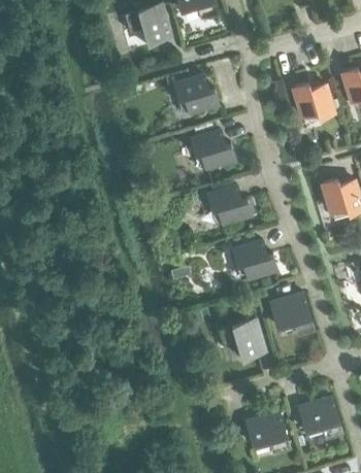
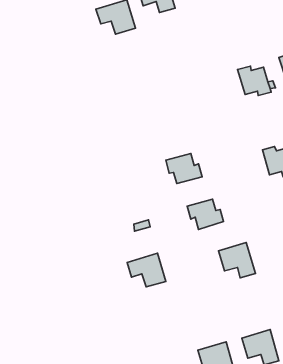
building: [175,76,220,113] -> none
building: [192,132,235,168] -> none
building: [219,319,265,360] -> [127,253,166,287]

